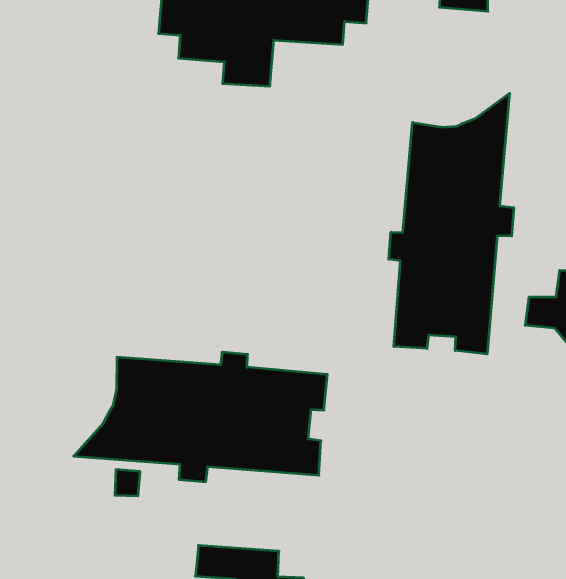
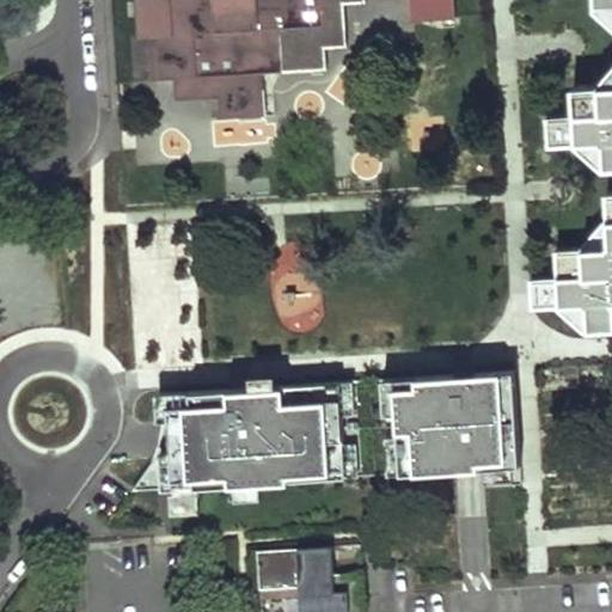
building: [389,93,514,354] -> none
building: none -> [381,372,516,486]

